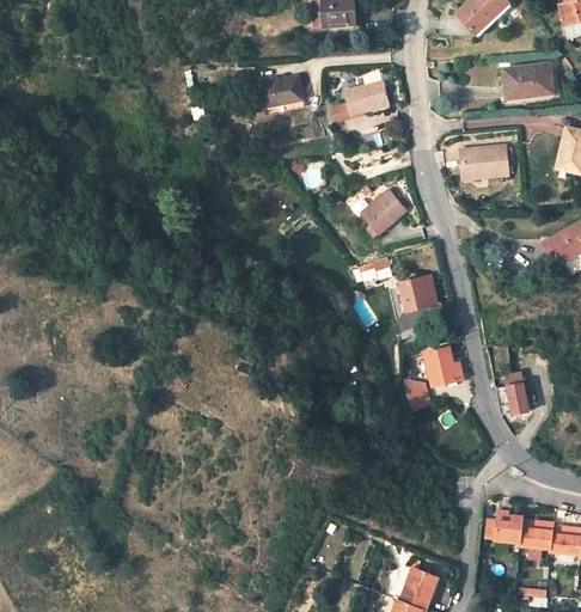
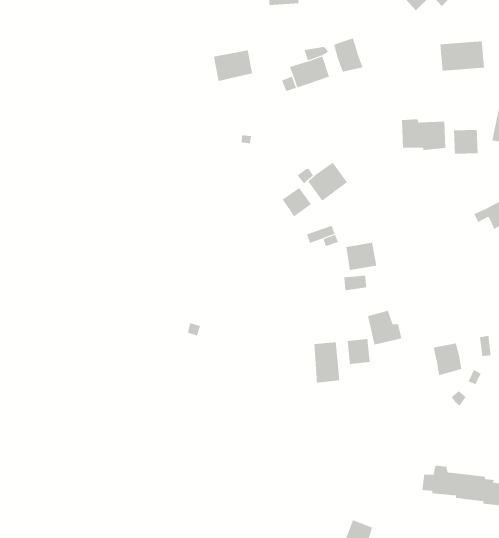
building: none -> [333,37,363,73]
building: none -> [453,129,478,155]
building: none -> [282,187,312,217]
building: none -> [314,341,340,383]

